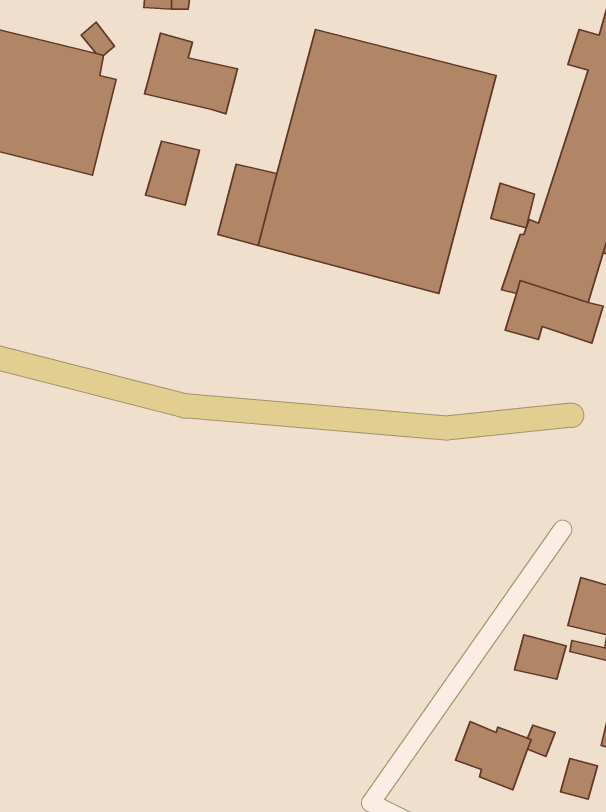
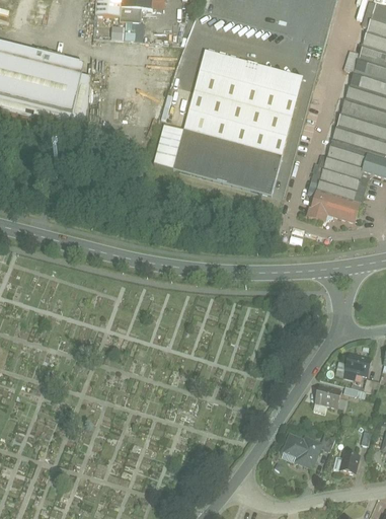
building: [145,33,237,114] -> none
building: [146,141,199,205] -> none
building: [491,183,535,228] -> none

